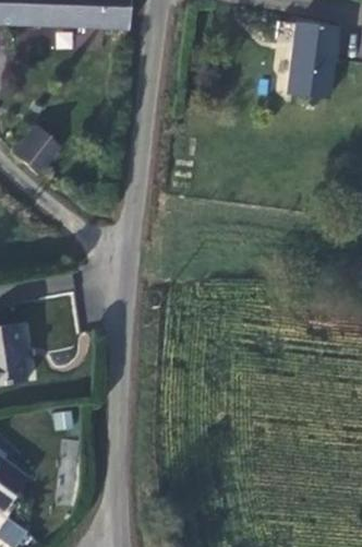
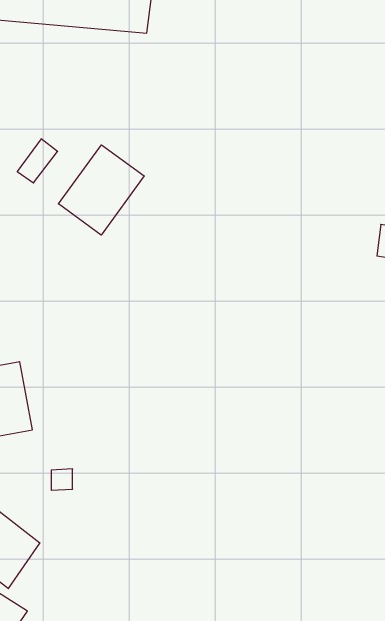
building: [278,35,327,109] -> none
building: none -> [58,145,144,235]

